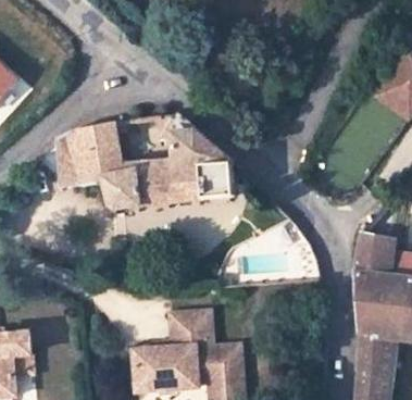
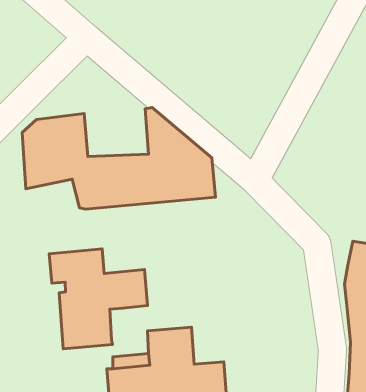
building: none -> [49,249,147,349]

